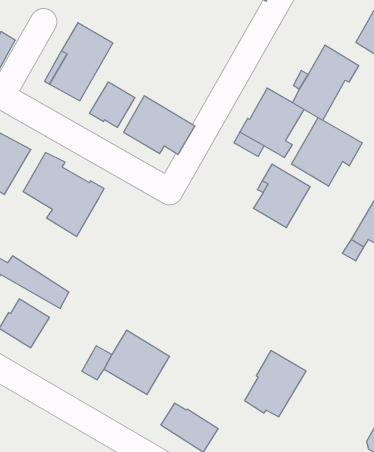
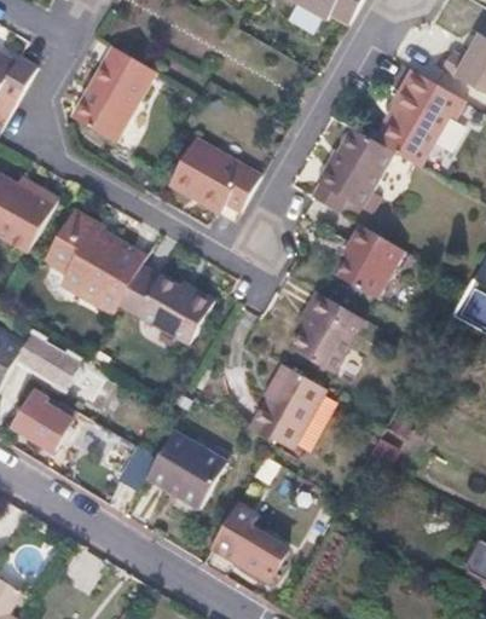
building: [90,82,135,127] -> none
building: [291,118,362,186] -> none
building: none -> [117,266,212,343]
building: none -> [289,291,363,375]
building: [245,351,306,417] -> [248,365,324,447]

